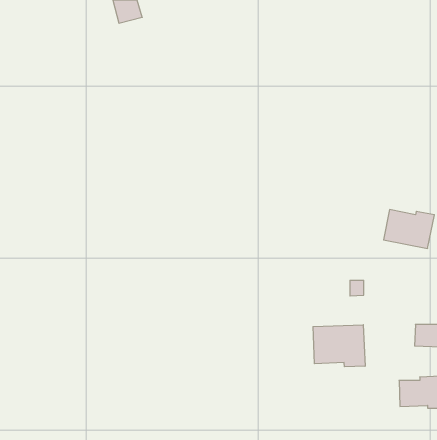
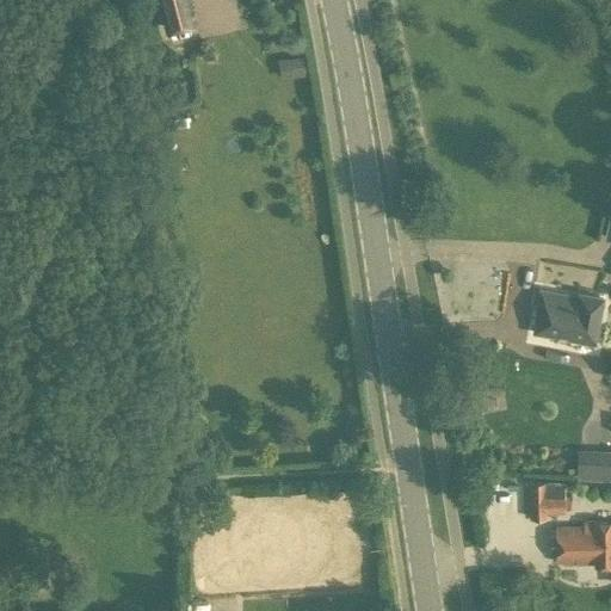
building: [313,325,365,367] -> none
building: none -> [532,483,568,519]

